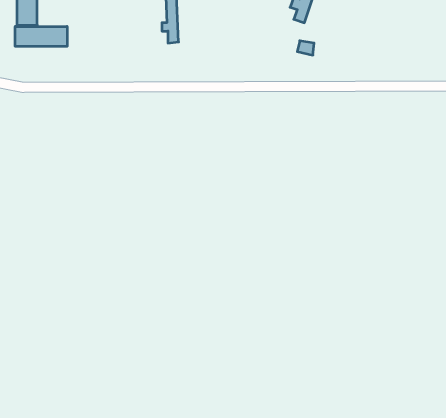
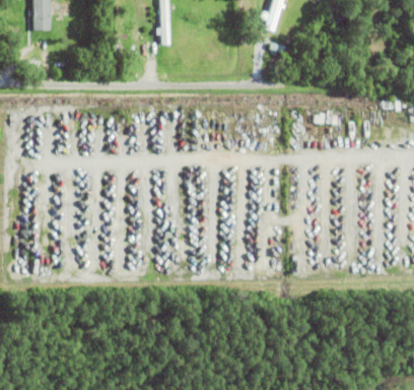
building: [15,26,67,46] -> none

